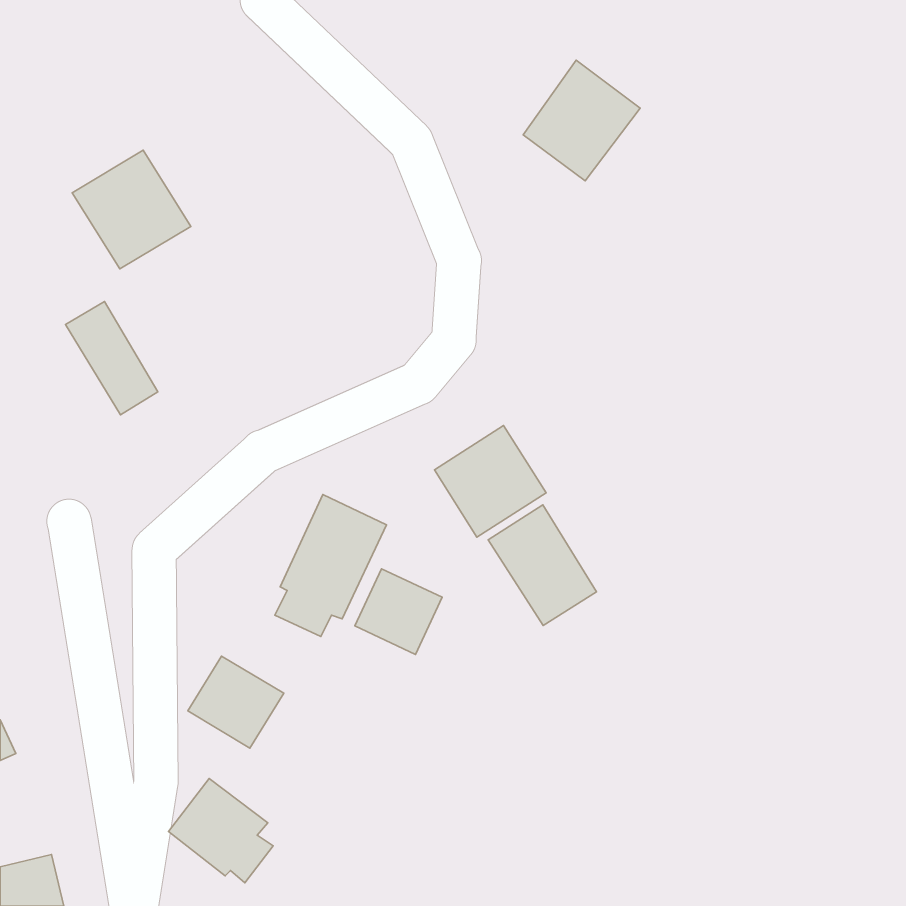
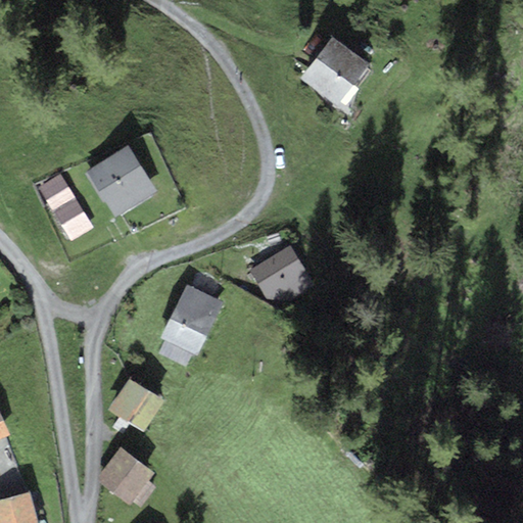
building: [72,150,191,269] -> [88,146,156,215]
building: [488,505,596,626] -> none
building: [355,569,442,654] -> none

